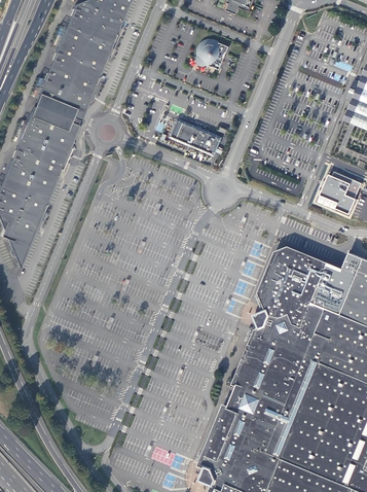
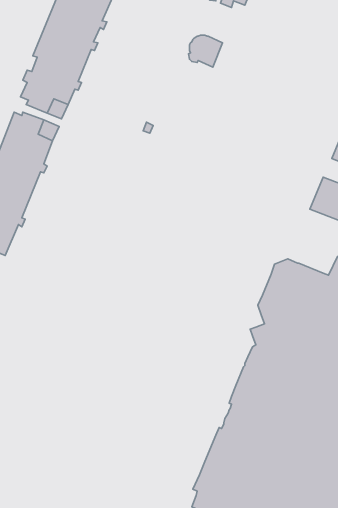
building: [178,122,220,153] -> none

